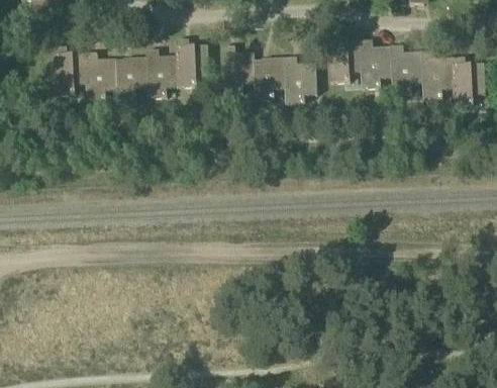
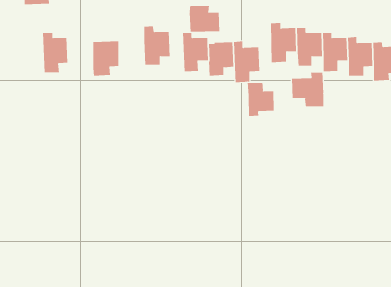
building: none -> [189,5,220,32]
building: [146,49,178,97] -> none
building: [85,51,115,98] -> none
building: none -> [292,72,324,107]
building: none -> [247,82,274,117]

